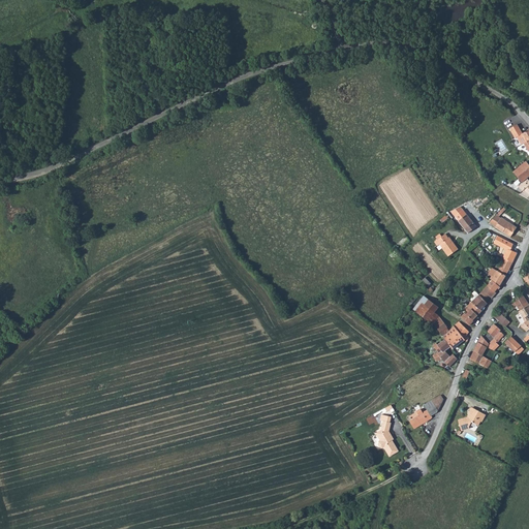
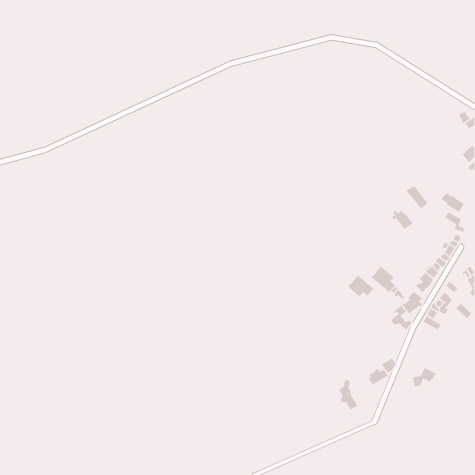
building: none -> [347,274,375,298]

